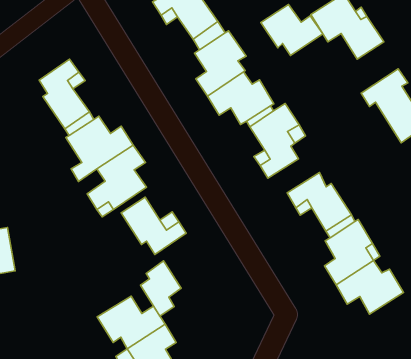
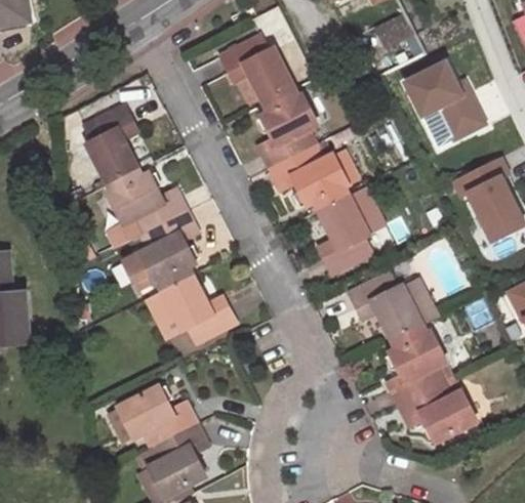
building: [261,4,323,55] -> none
building: [140,261,181,316] -> none

